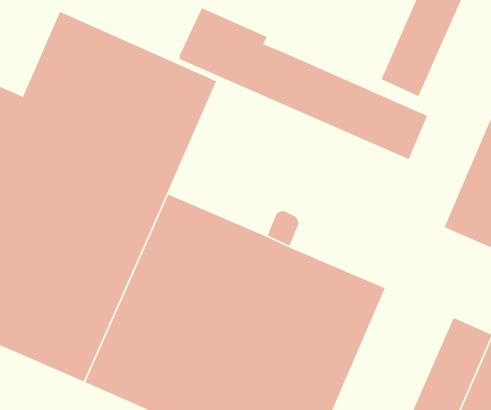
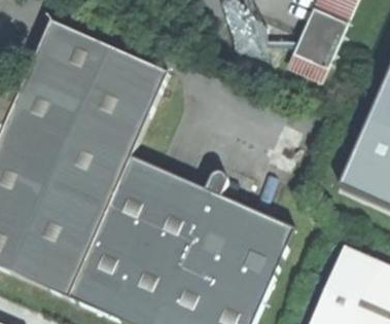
building: [179,7,428,160] -> none

